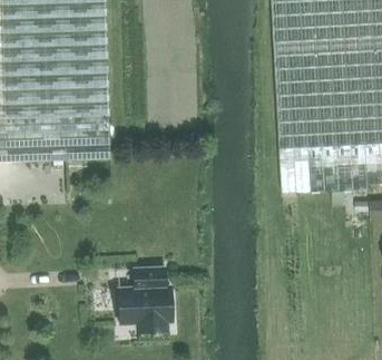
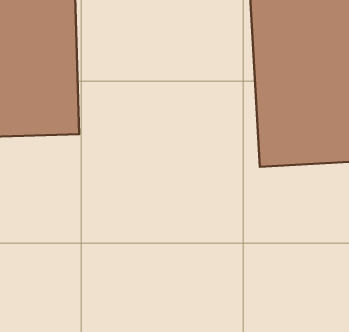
building: [118,266,172,331] -> none

